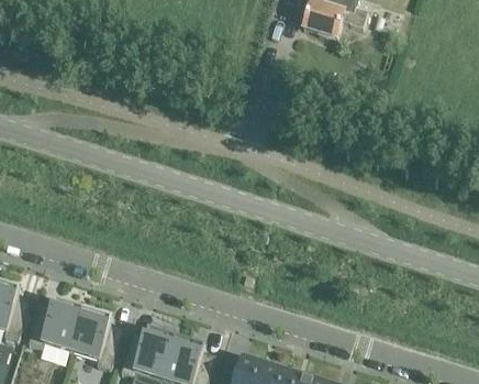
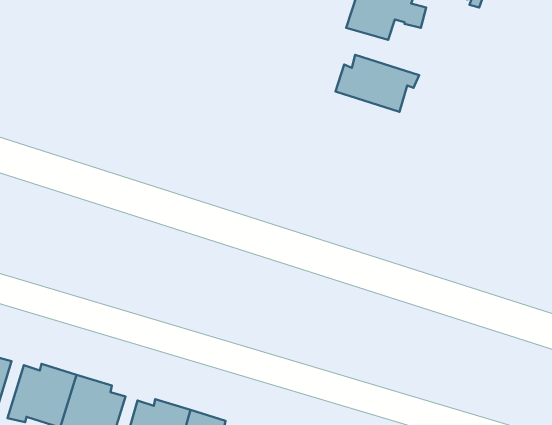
building: none -> [335,55,419,112]

